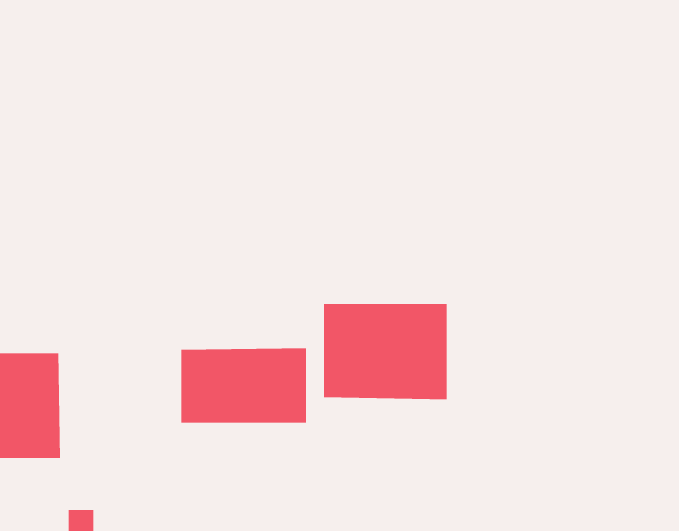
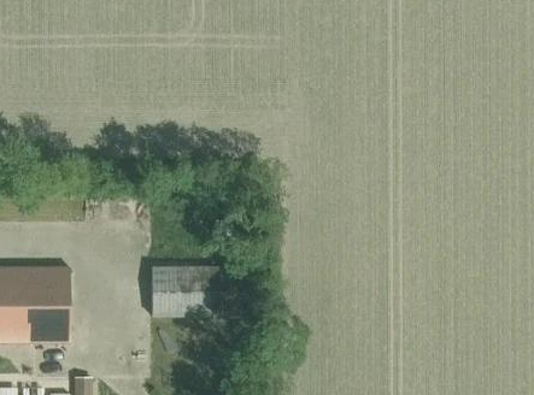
building: [323,303,447,400] -> none

